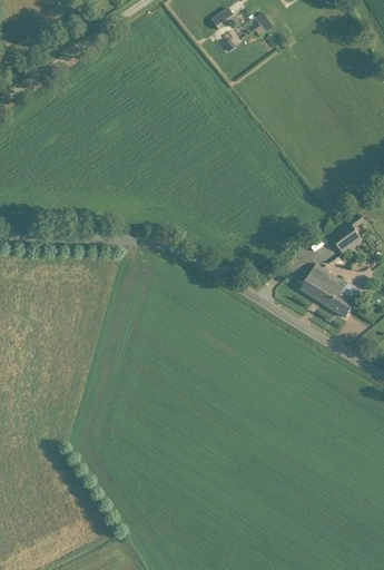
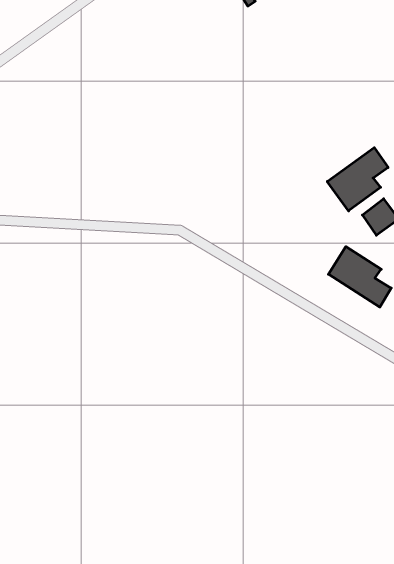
building: none -> [327,148,388,211]

